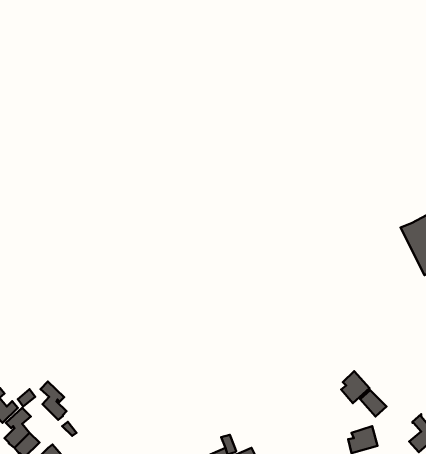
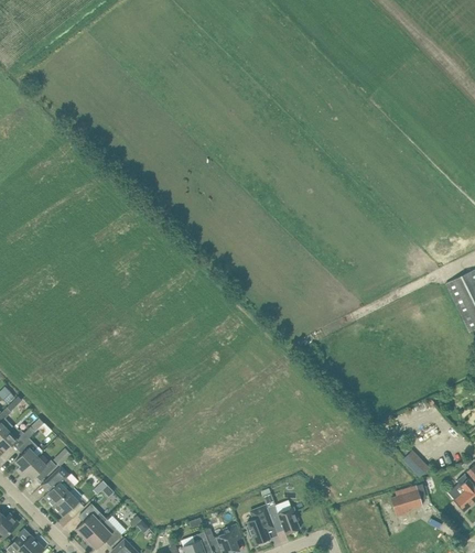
building: [341,371,369,403] -> none
building: [40,382,66,420] -> none

